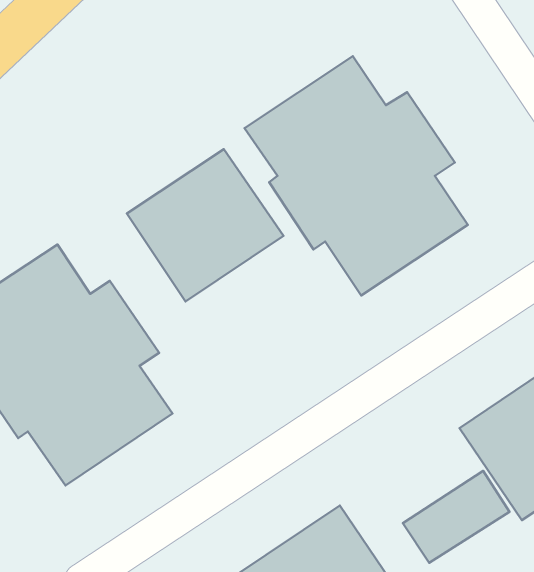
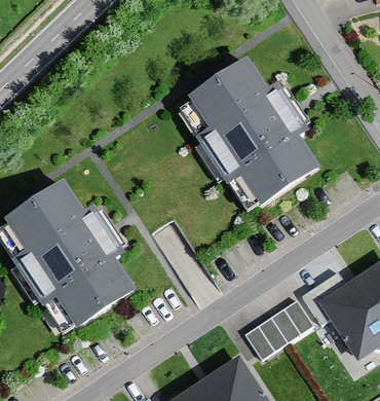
building: [127,149,283,302] -> none
building: [403,471,509,563] -> [248,299,314,357]

